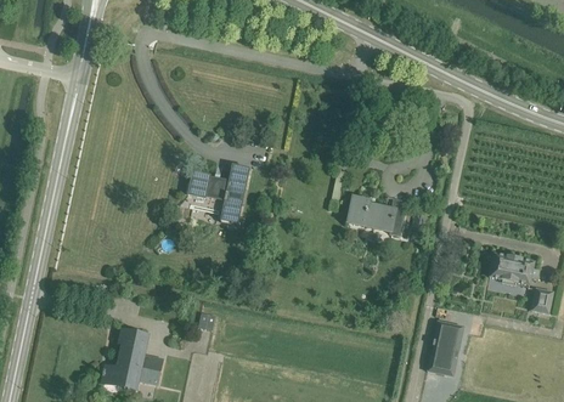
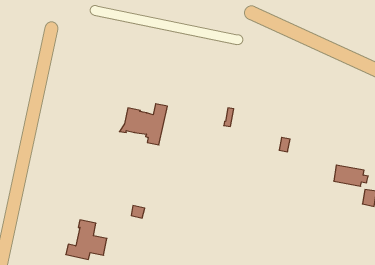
building: [346,192,406,230] -> none
building: [428,321,464,376] -> none

